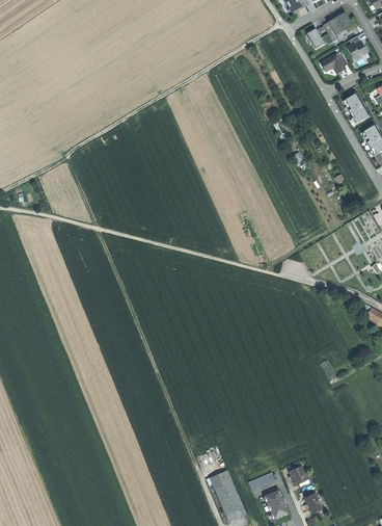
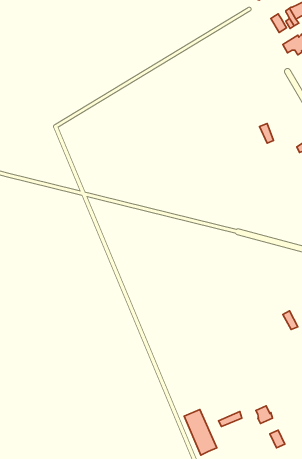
building: [264,489,289,519] -> none

